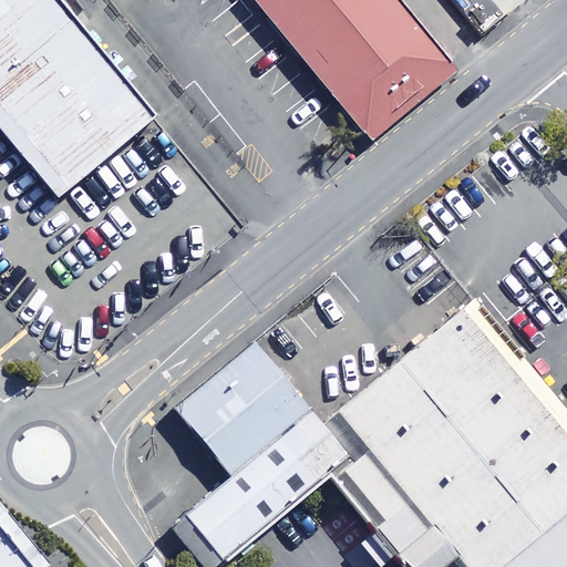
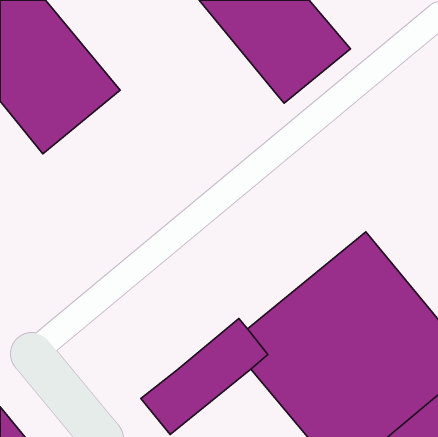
building: [171,344,309,480] -> none

